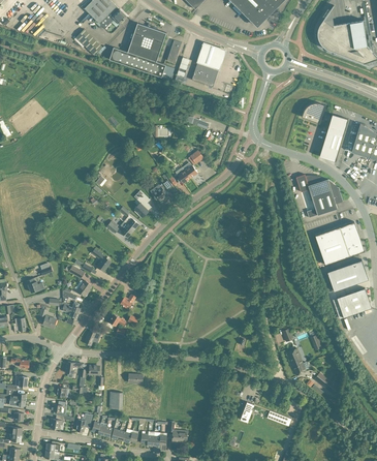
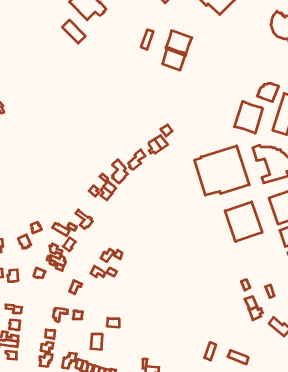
building: [109,23,166,76] -> none
building: none -> [234,101,263,133]
building: none -> [195,146,249,195]
building: none -> [225,202,262,242]

